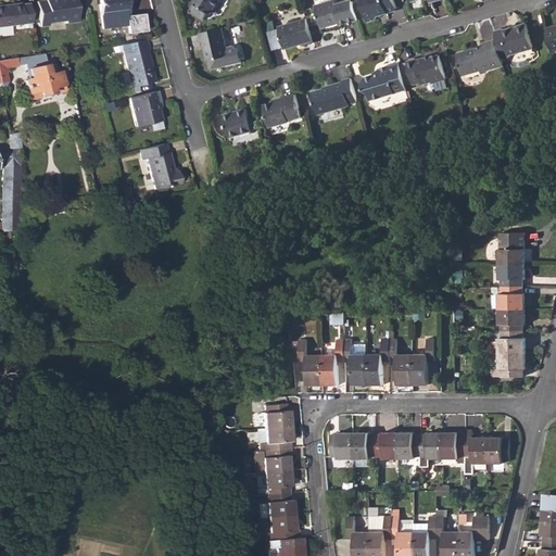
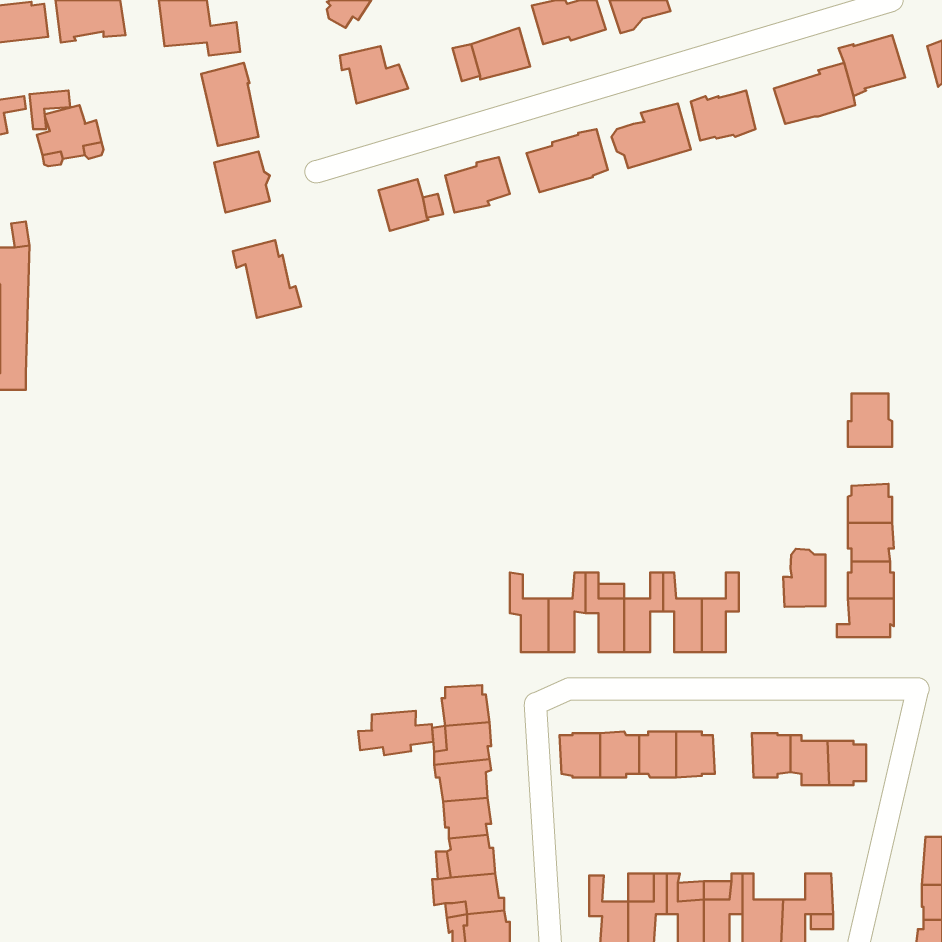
building: [498,264,526,287] -> none
building: none -> [783,549,826,607]
building: none -> [358,711,433,755]
building: [419,432,443,467] -> none

